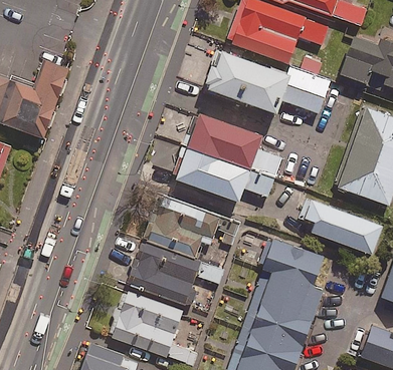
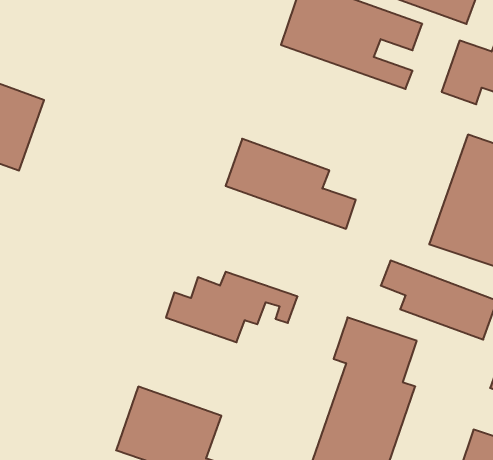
building: [205,53,330,118] -> none
building: [173,146,272,202] -> none
building: [128,245,221,308] -> none

